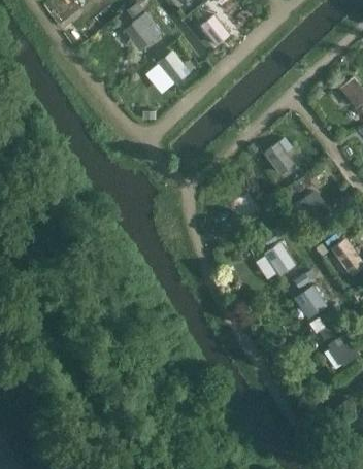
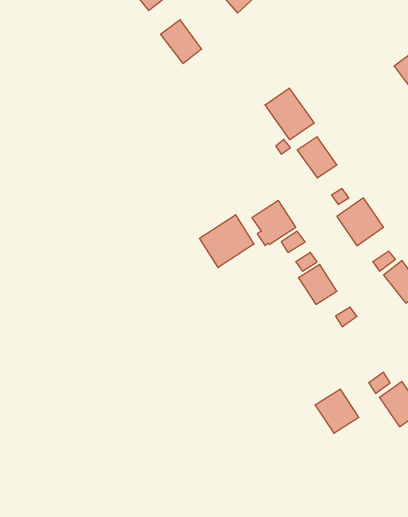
building: none -> [265,88,314,140]
building: none -> [200,215,254,268]
building: [293,284,327,319] -> [315,389,359,433]

